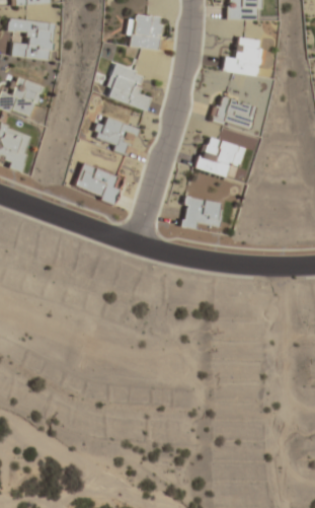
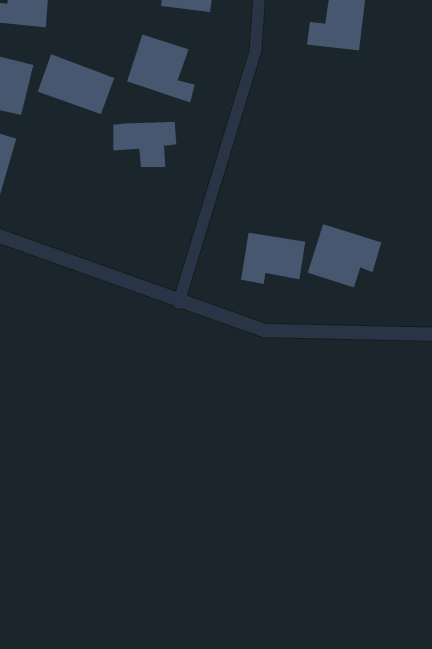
building: [212,95,256,130] -> none
building: [195,135,245,177] -> [307,224,382,288]
building: [72,162,124,203] -> [37,53,115,115]

